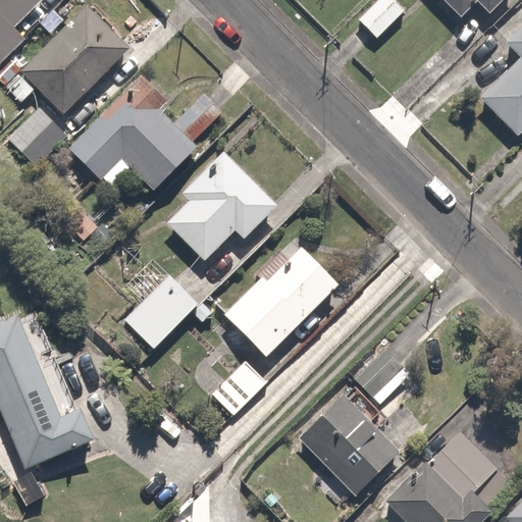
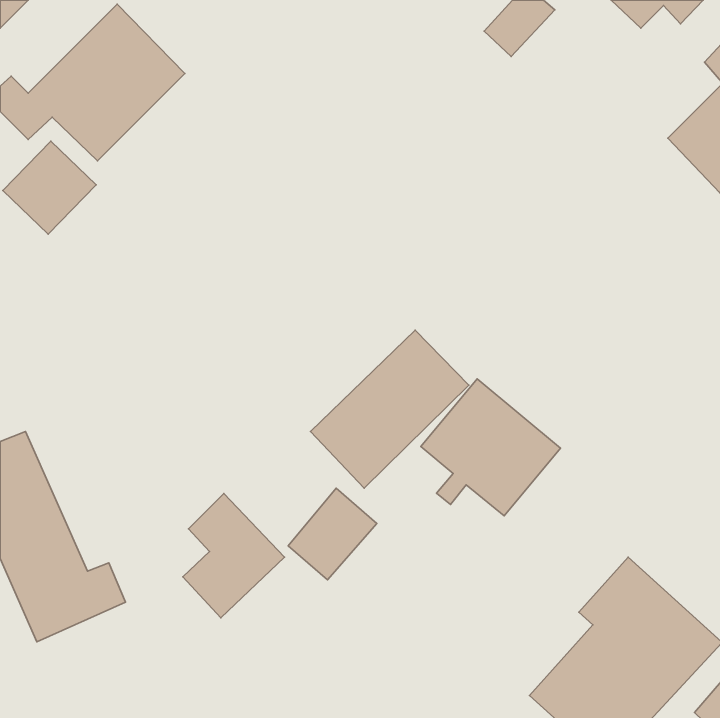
building: [70,79,197,192] -> none
building: [166,151,275,259] -> none
building: [125,260,199,350] -> [183,494,284,618]
building: [299,393,400,491] -> [421,379,561,516]

